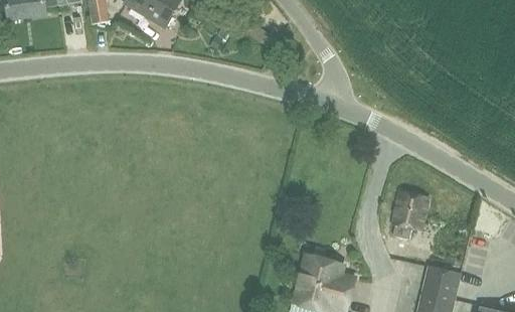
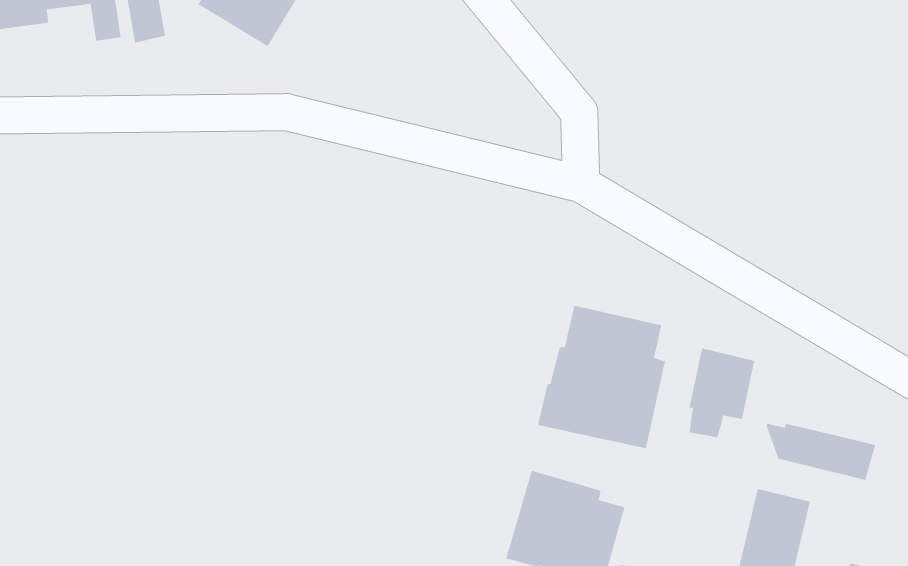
building: none -> [537,305,666,449]
building: none -> [765,423,876,481]

